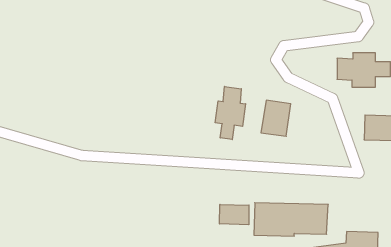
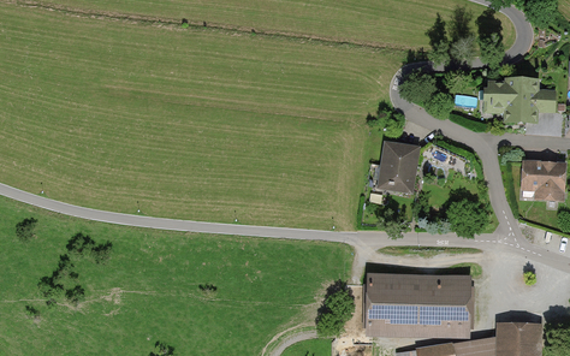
building: [215,86,246,140] -> none
building: [220,204,249,225] -> none

